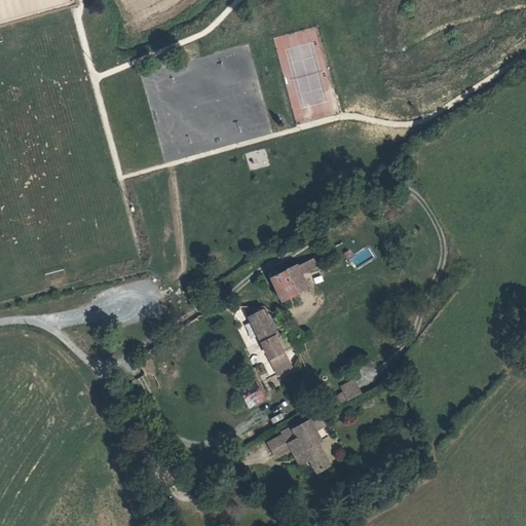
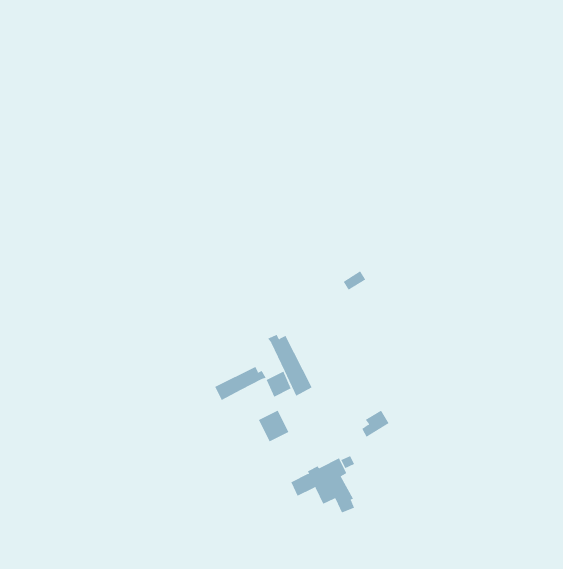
building: [272,258,317,299] -> none
building: none -> [215,366,266,401]

